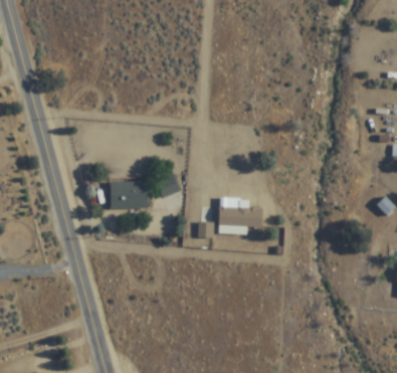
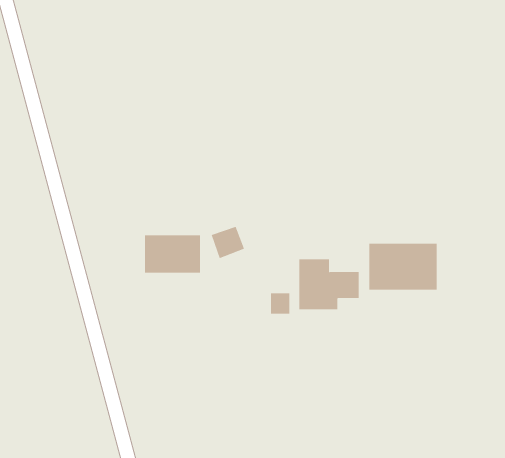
building: none -> [369,243,437,291]

